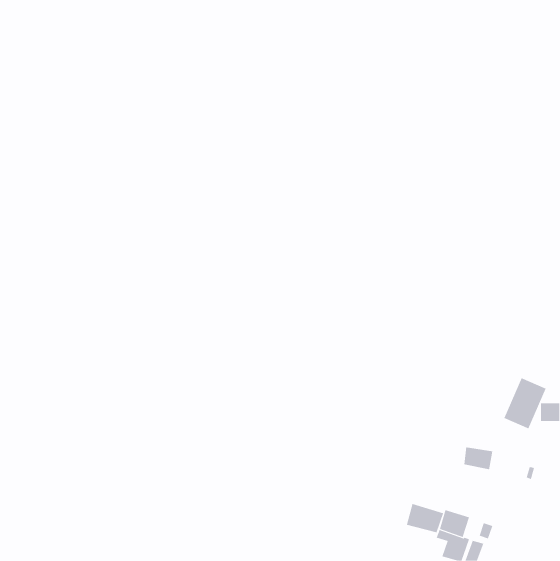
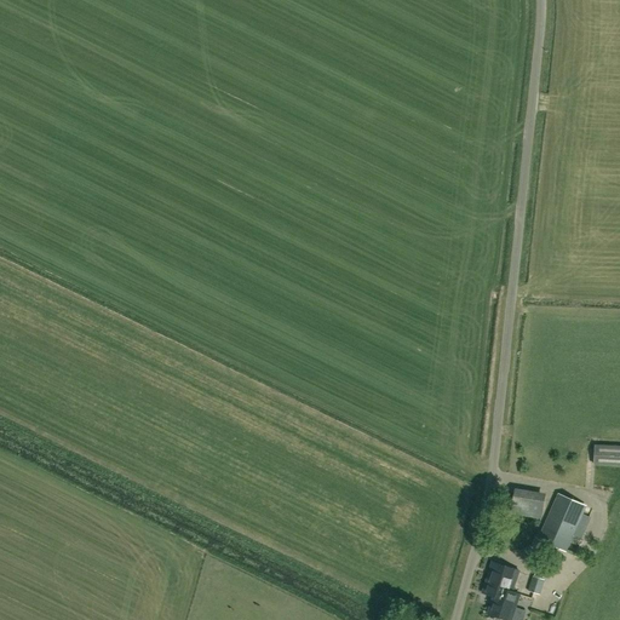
building: [504,377,546,429] -> [538,494,585,551]
building: [406,503,444,533] -> none

